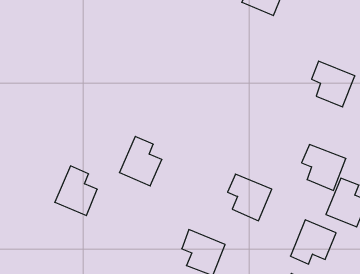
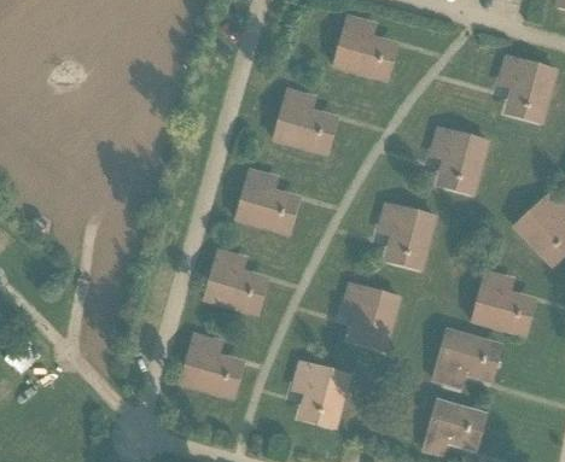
building: none -> [274,92,325,151]
building: none -> [235,171,287,232]
building: [302,145,346,190] -> [380,205,436,259]
building: [55,166,97,216] -> [180,335,232,396]

